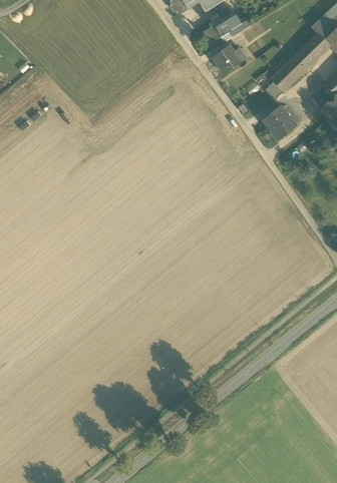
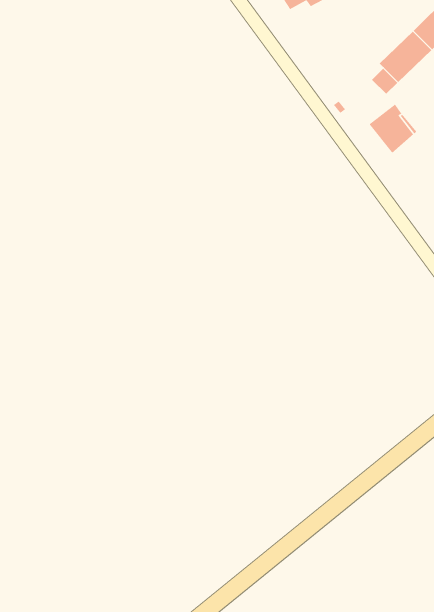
building: [213,46,247,74] -> none

